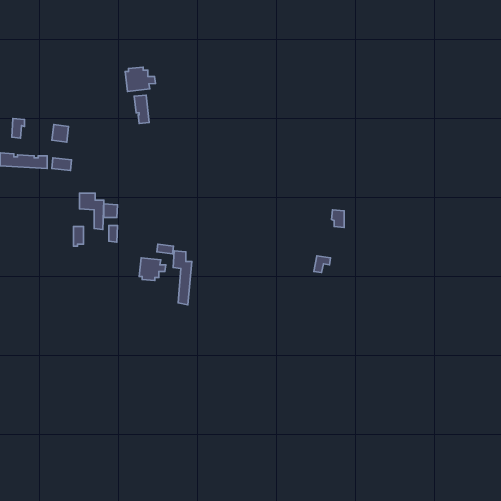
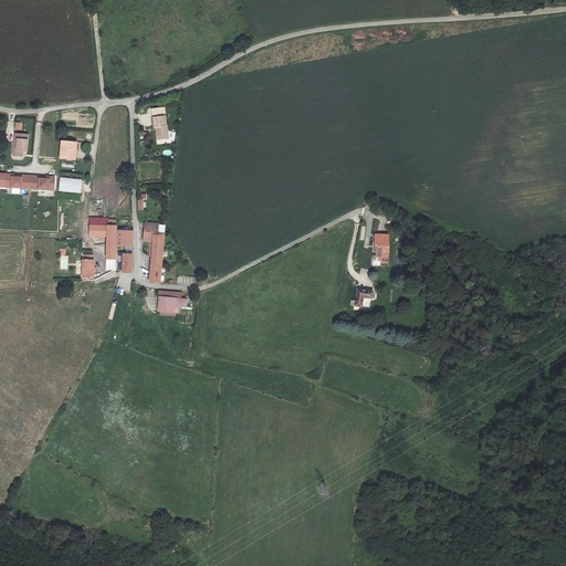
building: [125,67,156,91] -> none
building: [173,251,192,305] -> [144,222,165,283]

